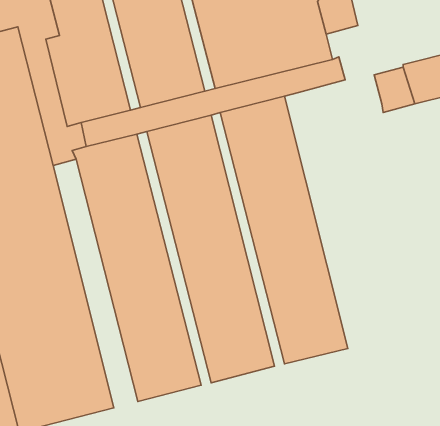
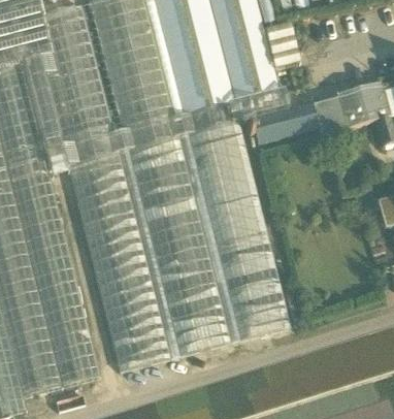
building: none -> [247,101,319,143]

